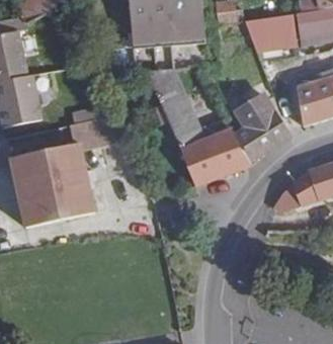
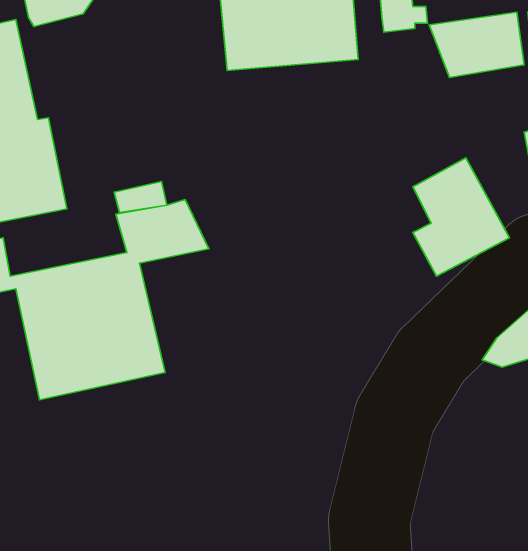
building: [148,67,250,184] -> none

